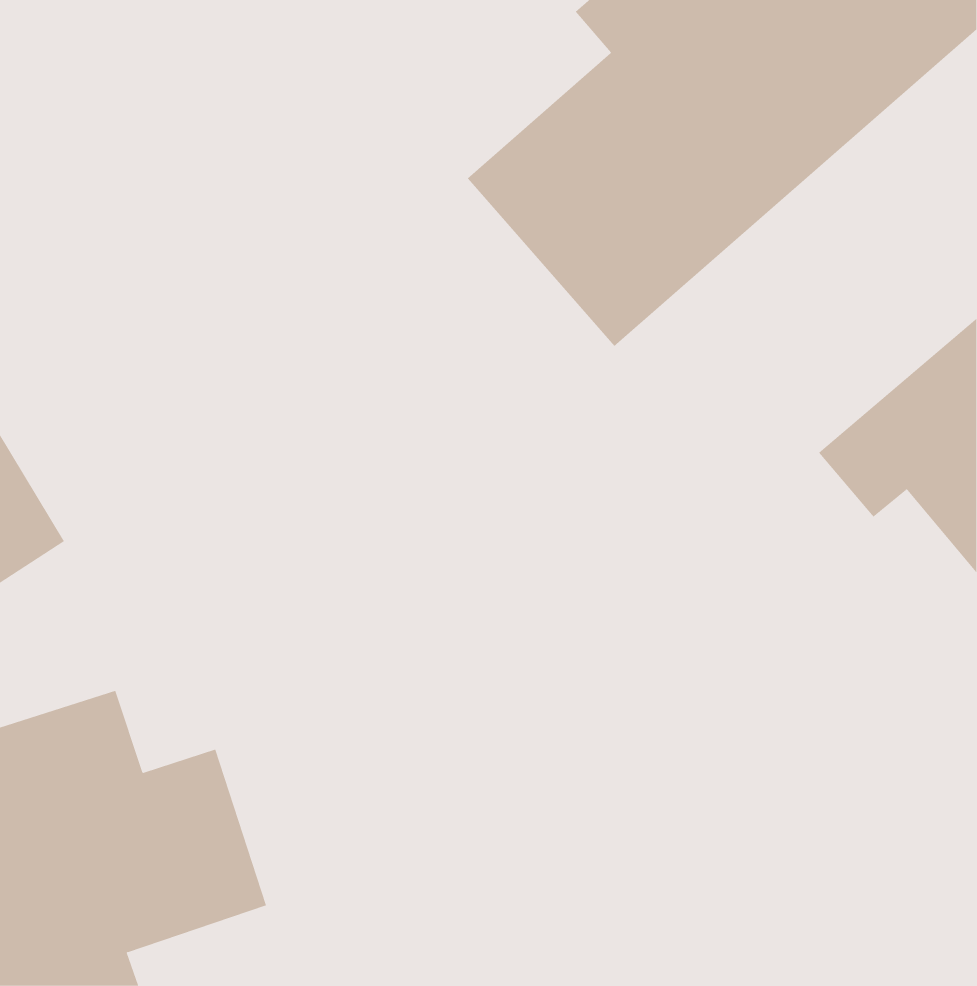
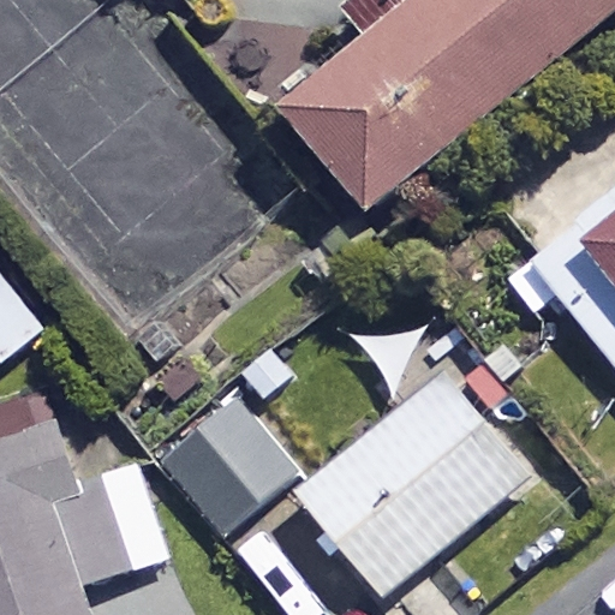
building: none -> [300,375,525,592]
building: none -> [161,400,294,533]

